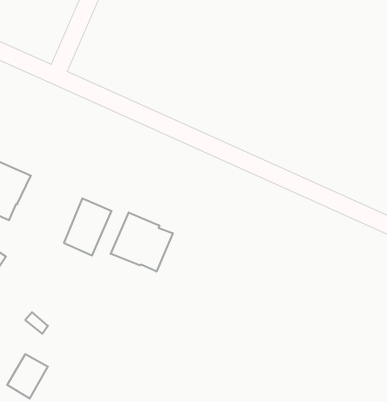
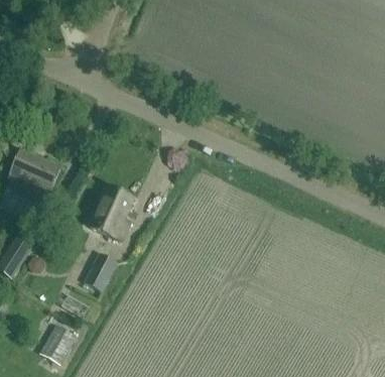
building: [111,212,173,272] -> none
building: none -> [83,251,118,291]

